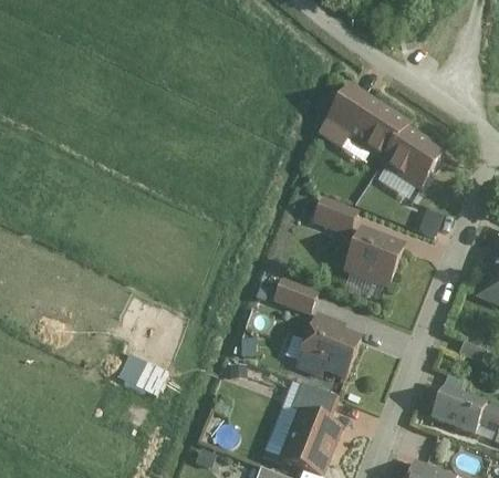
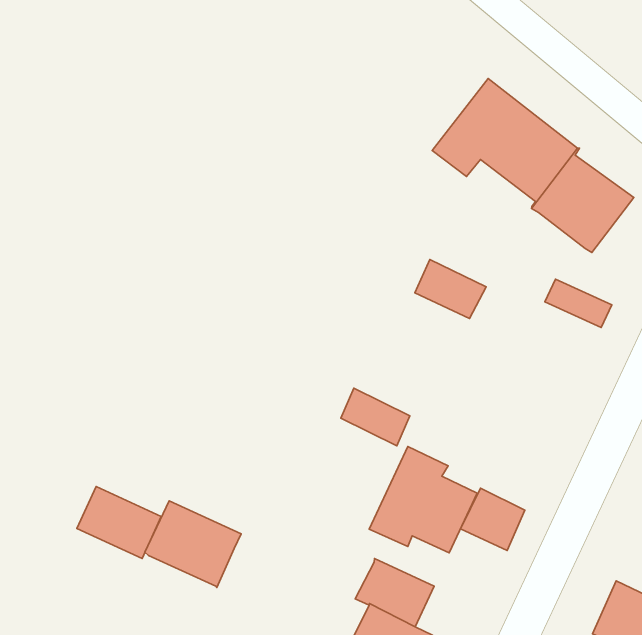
building: [344,229,403,283] -> none
building: none -> [460,488,525,551]
building: none -> [145,501,241,587]

